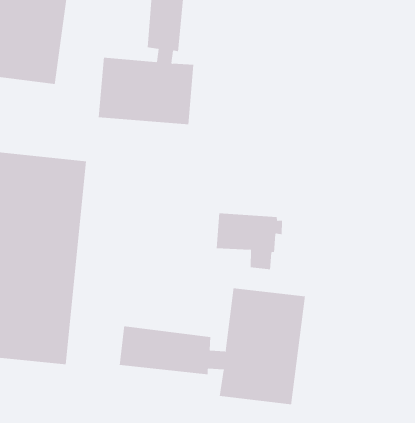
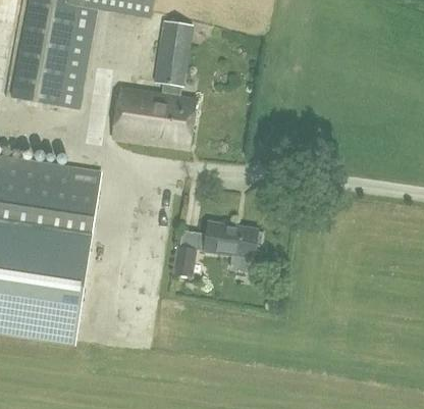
building: none -> [173,245,196,275]
building: [119,287,305,405] -> none

